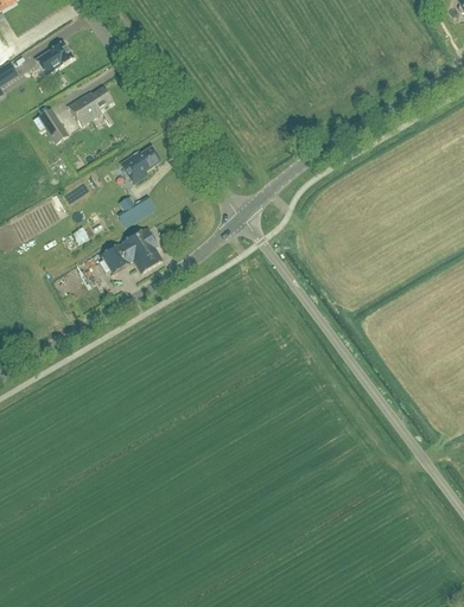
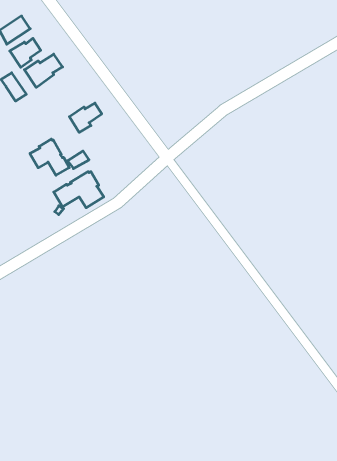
building: none -> [10,38,41,67]
building: none -> [30,139,69,175]

